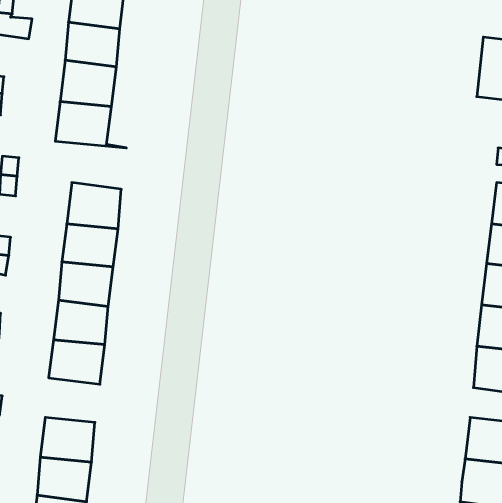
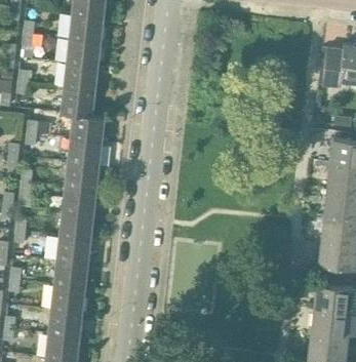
building: none -> [60,113,104,143]
building: none -> [53,259,87,287]

